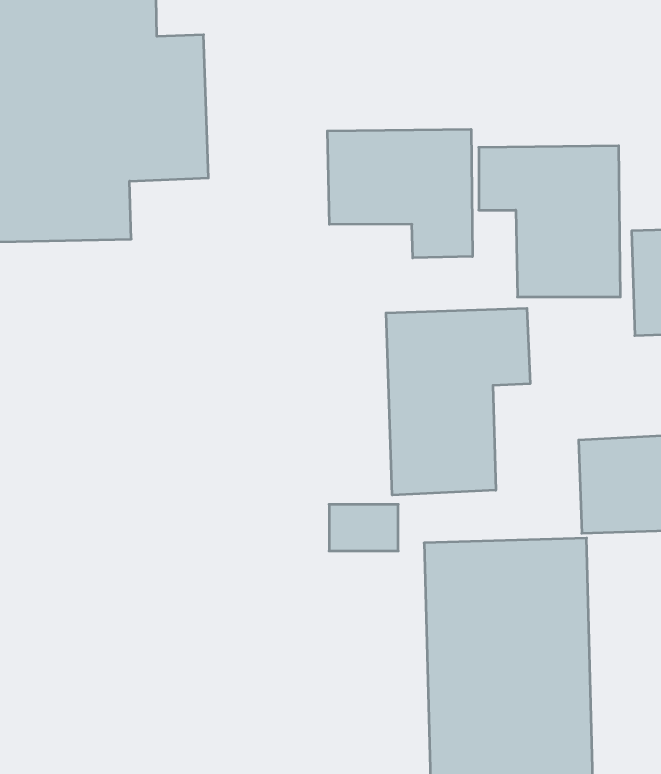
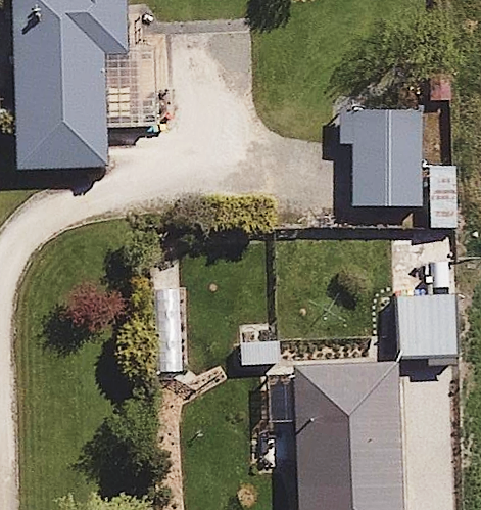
building: [327,129,472,258] -> none
building: [386,308,530,495] -> none

